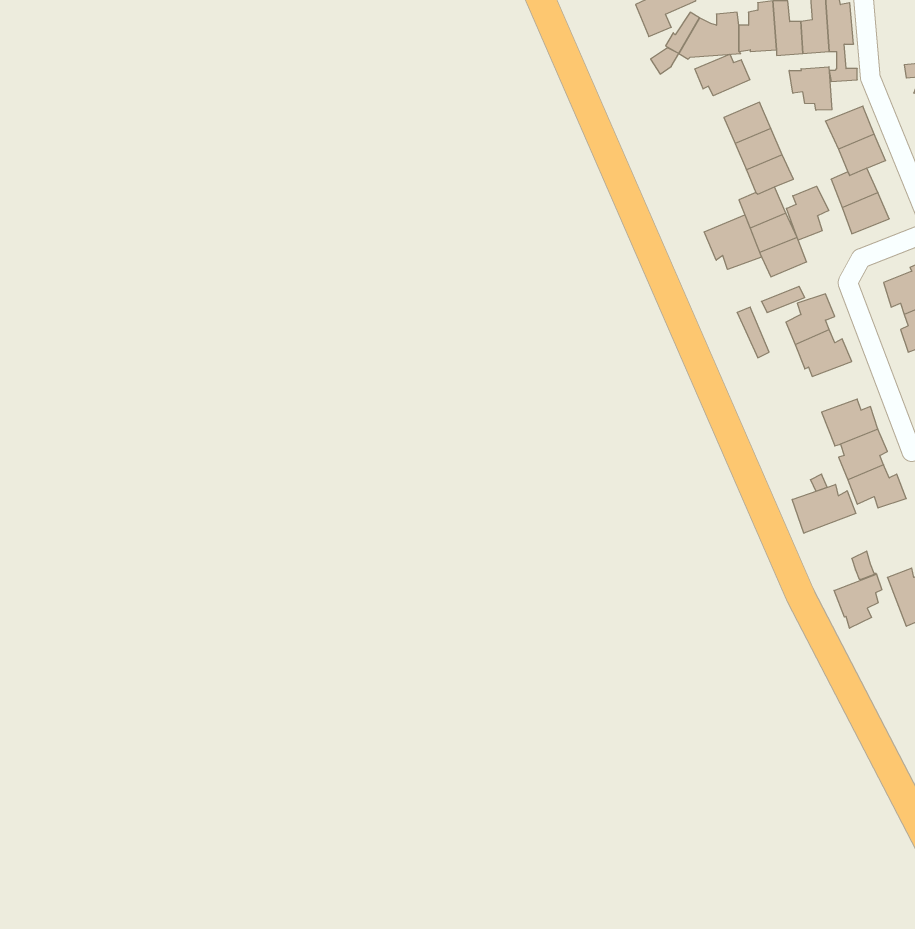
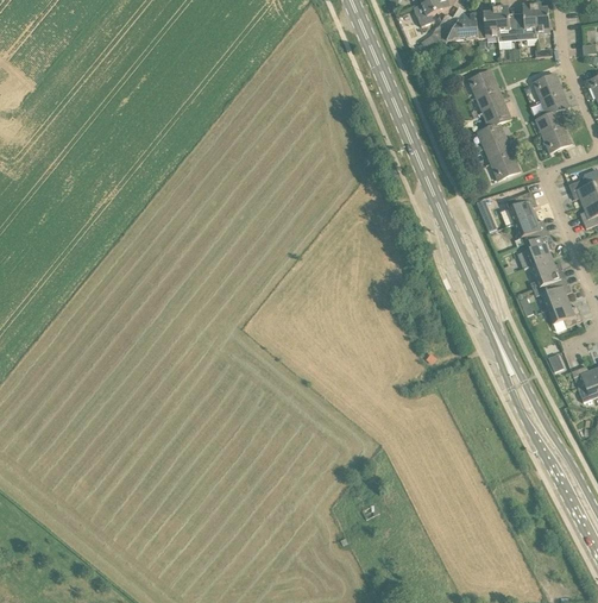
building: [695,54,750,96] -> none
building: [789,67,832,110] -> none
building: [786,186,829,240] -> none
building: [704,215,761,269] -> none
building: none -> [518,233,554,268]
building: [792,484,856,533] -> none
building: [834,574,882,628] -> none

